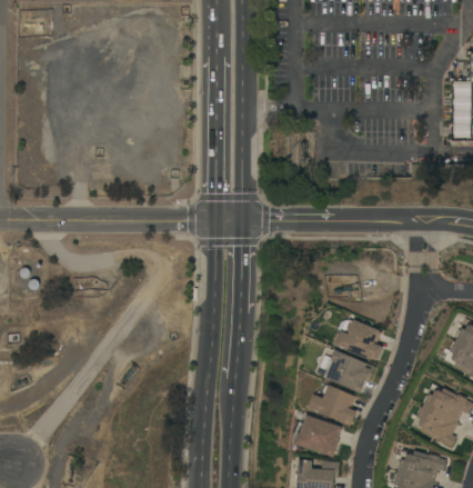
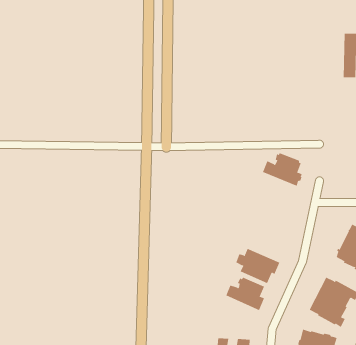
building: [333,320,383,362] -> [262,153,303,187]
building: [294,416,342,457] -> none

